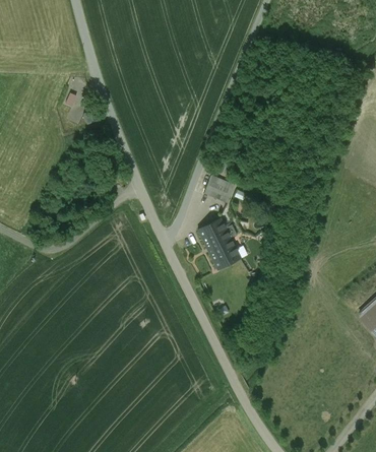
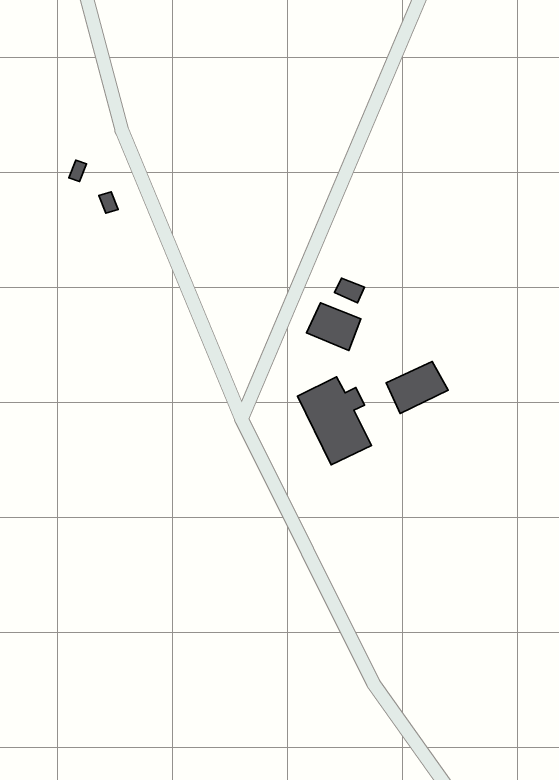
building: none -> [386,361,448,414]

